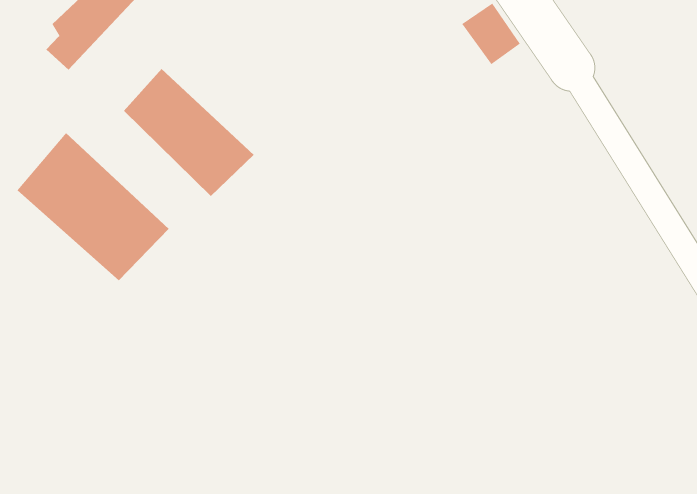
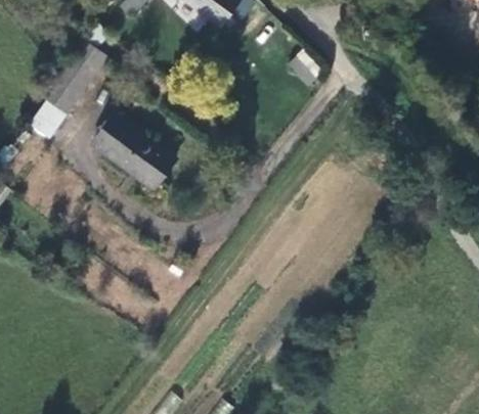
building: [16,132,170,281] -> none

